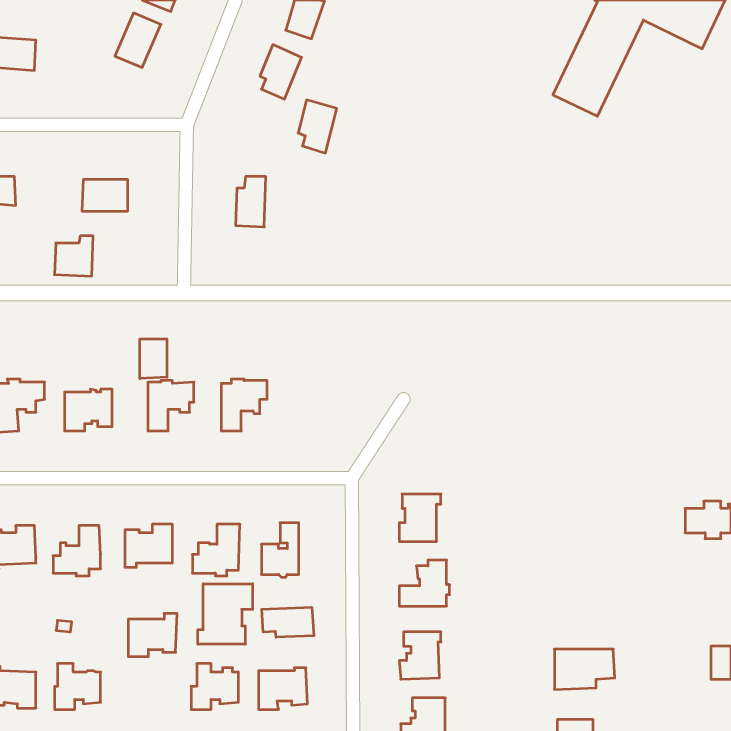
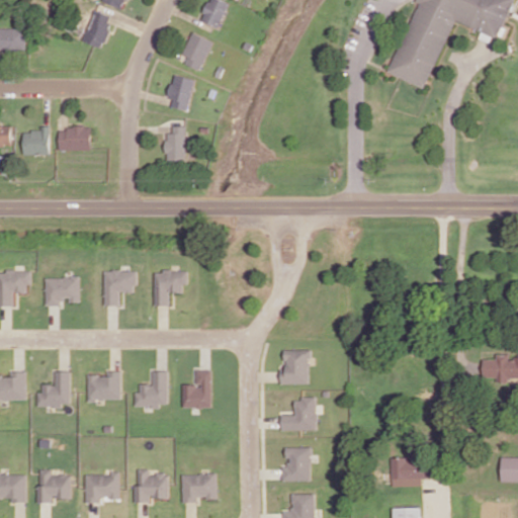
building: [298,100,337,153] -> [168,75,195,112]
building: [54,236,93,276] -> [22,127,50,156]
building: [140,339,167,379] -> none
building: [198,584,253,644] -> none
building: [262,607,314,637] -> none
building: [128,613,177,657] -> [86,471,120,502]

